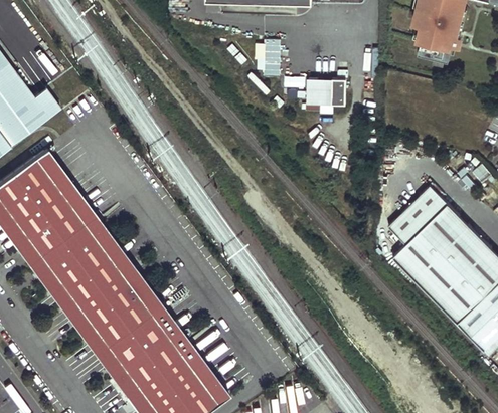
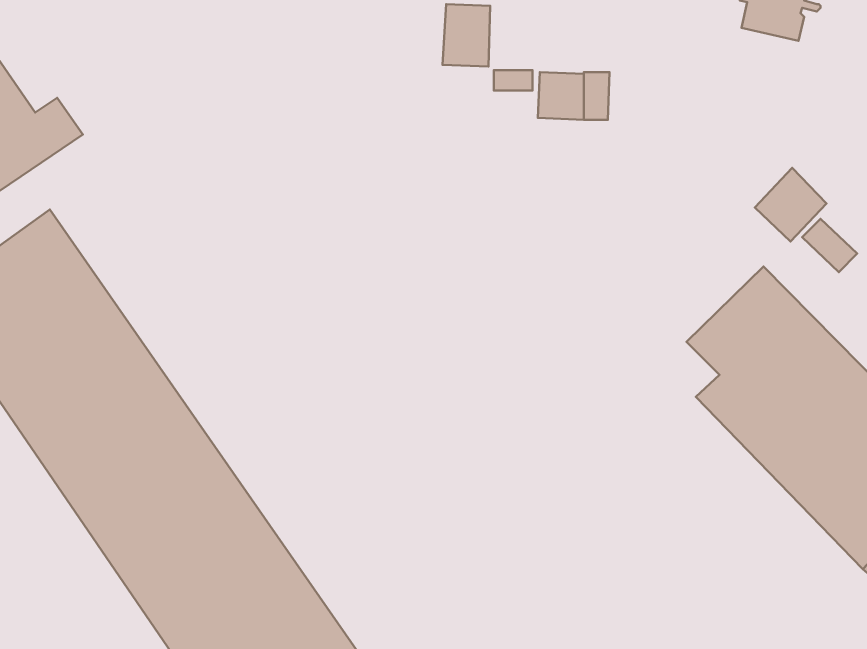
building: none -> [755,168,826,241]

